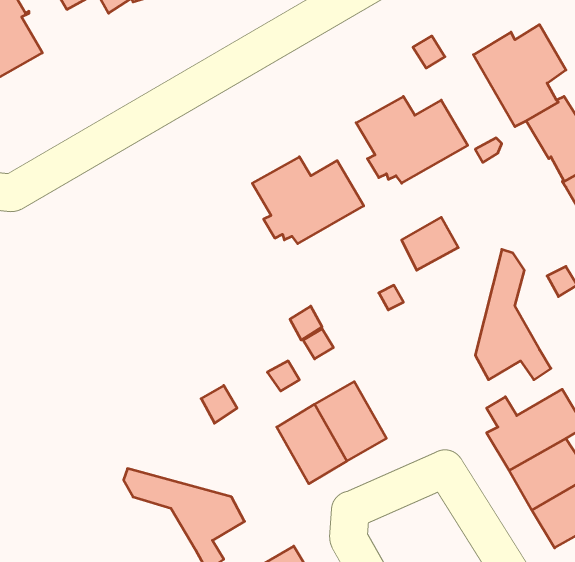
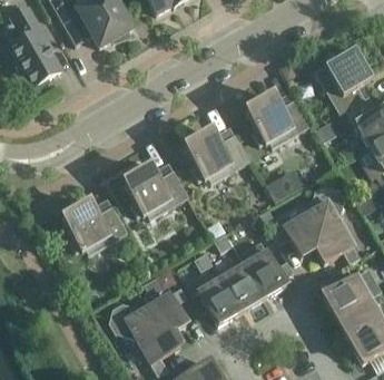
building: none -> [124,166,189,217]
building: none -> [273,184,332,255]
building: none -> [62,202,128,253]
building: none -> [239,241,293,296]
building: none -> [111,285,187,331]

